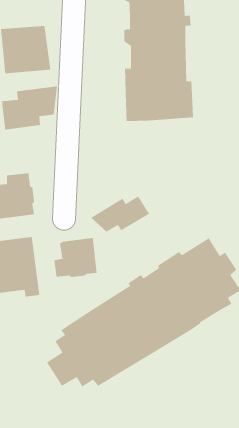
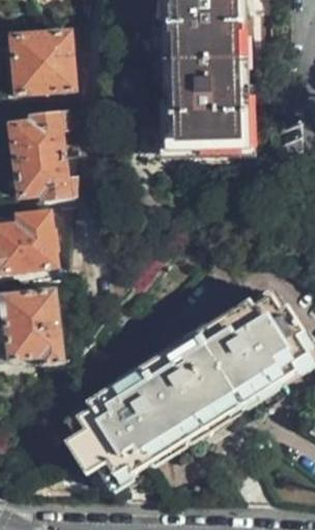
building: none -> [17,153,77,202]
building: [90,195,150,233] -> none
building: [54,237,97,278] -> none

